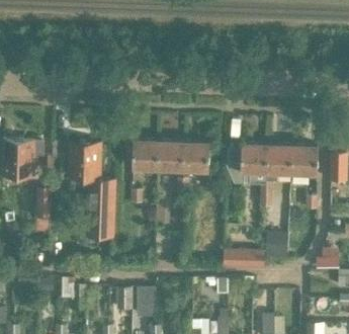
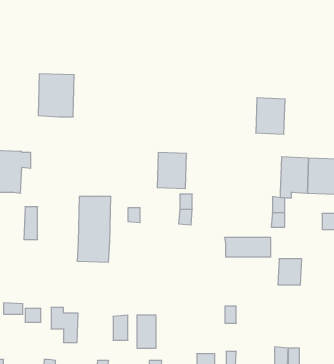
building: [132,142,158,173] -> none
building: [68,143,100,181] -> [38,74,74,117]
building: [182,143,209,175] -> none
building: [242,145,268,177] -> [256,98,285,134]
building: [223,250,264,267] -> [224,238,271,257]

